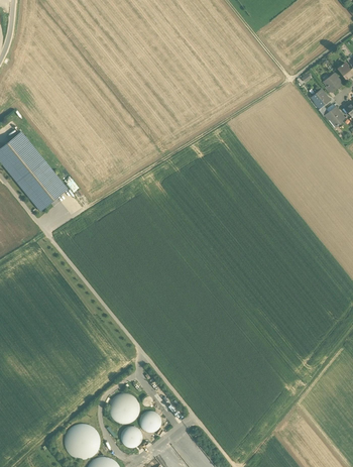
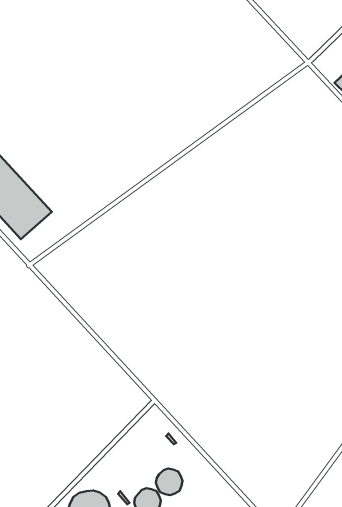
building: [109,392,139,424] -> none

